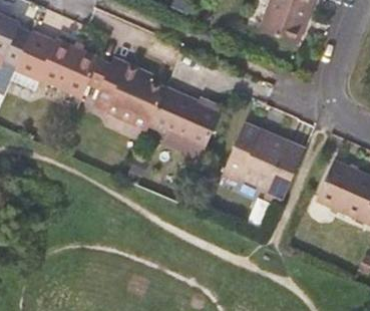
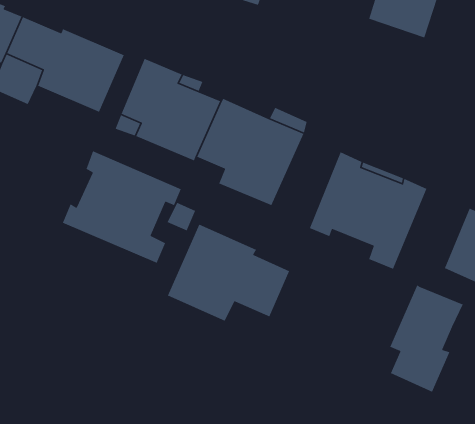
building: none -> [62,150,182,264]
building: none -> [167,223,290,322]
building: none -> [389,284,464,393]

